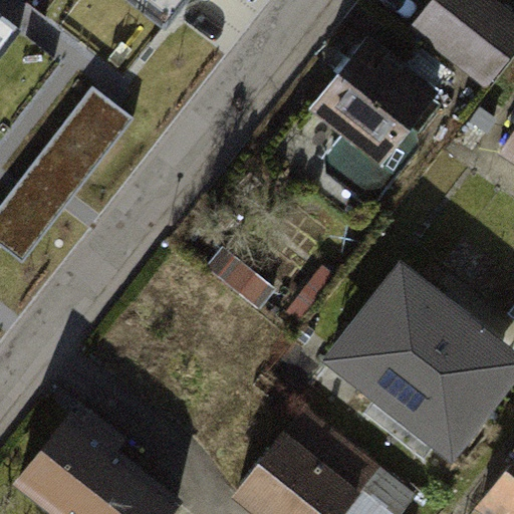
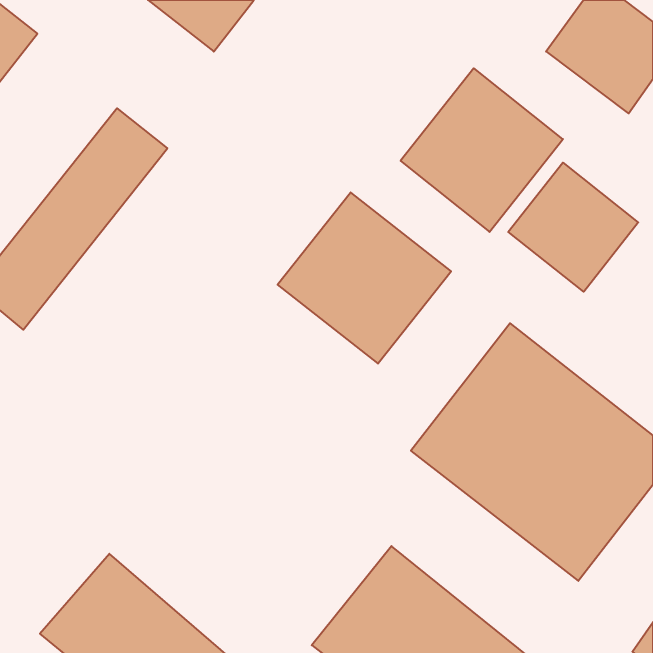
building: none -> [508,163,638,292]
building: none -> [278,192,451,364]

